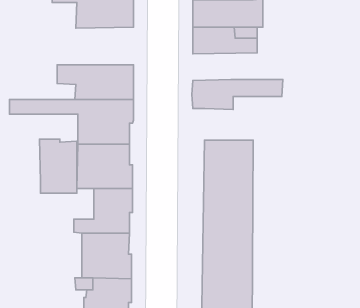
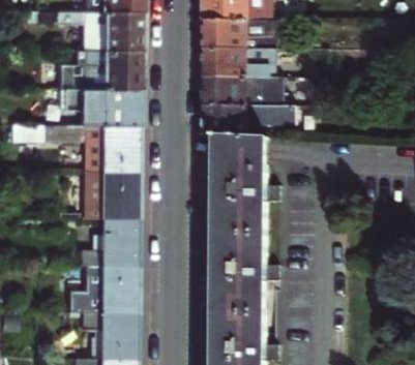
building: none -> [62,52,142,91]
building: none -> [204,79,297,108]
building: none -> [216,136,268,170]
building: [40,139,77,193] -> none

